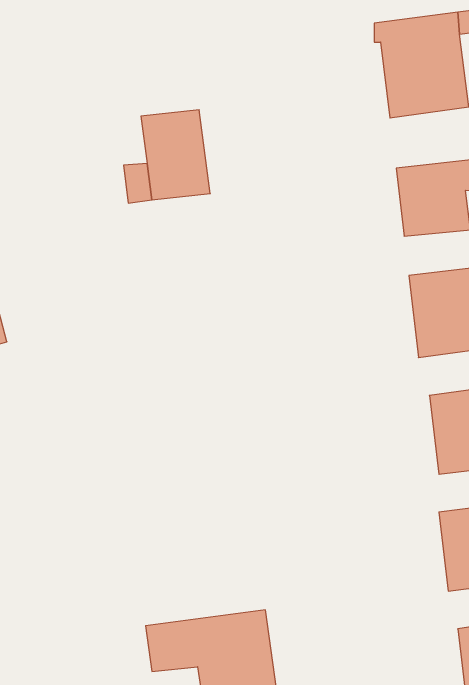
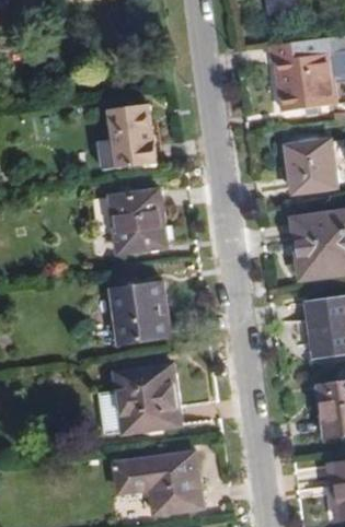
building: none -> [107,189,166,254]
building: none -> [108,282,169,343]
building: none -> [96,364,181,434]

